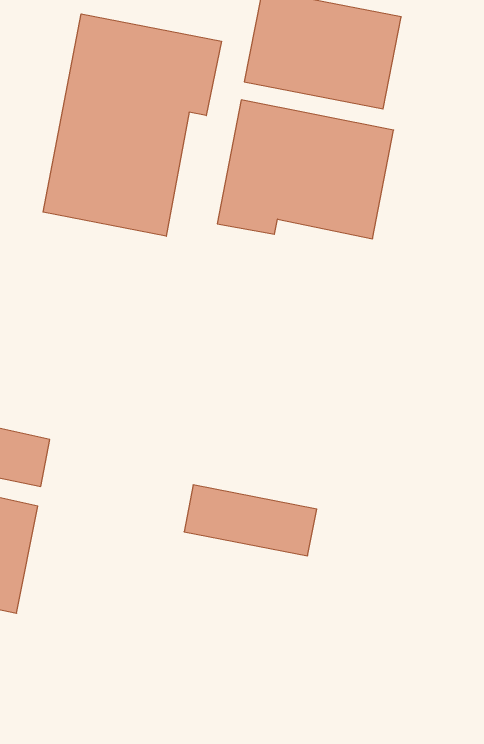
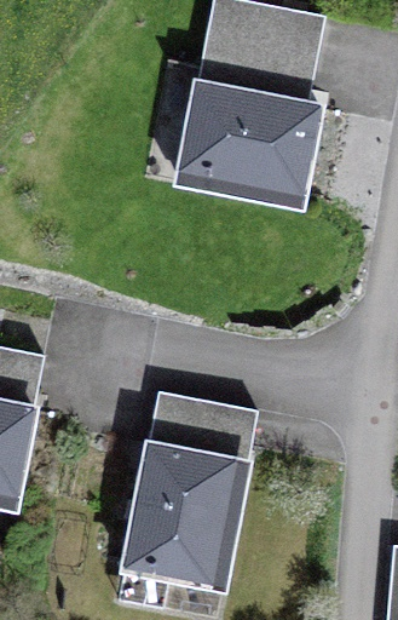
building: [43,14,221,236] -> none
building: none -> [125,443,235,585]

